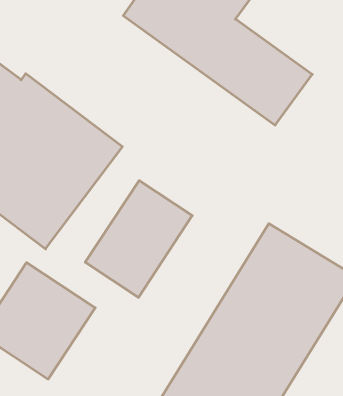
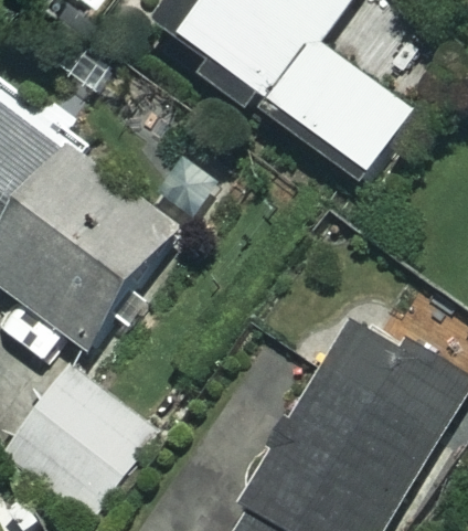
building: [85,181,192,297] -> none

